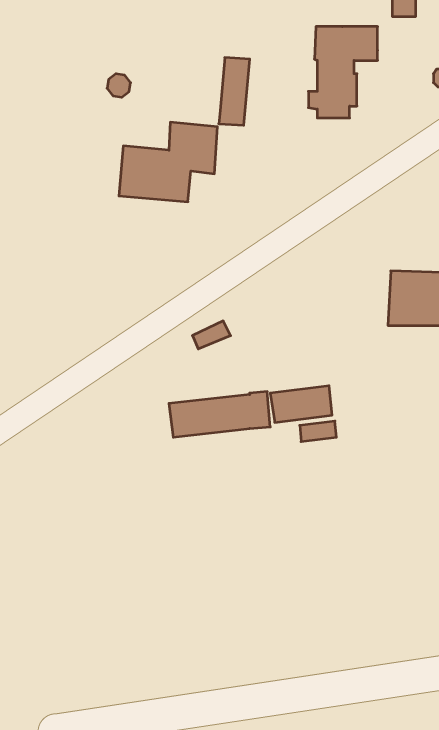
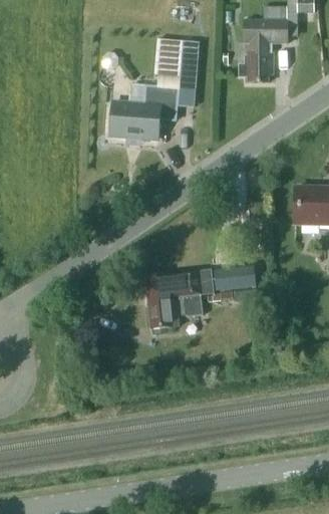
building: none -> [153,39,182,77]
building: none -> [146,294,202,328]

